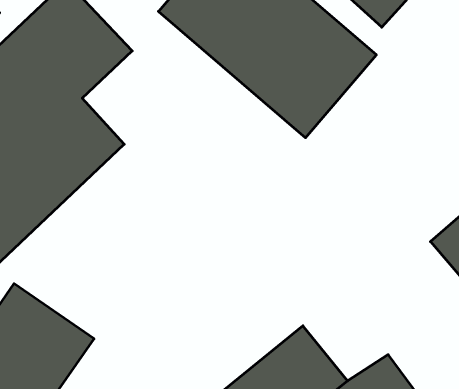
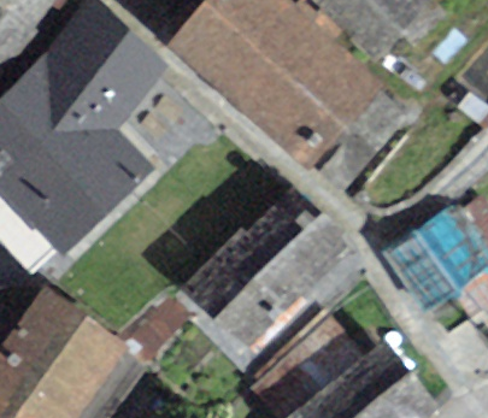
building: none -> [198,187,341,332]

